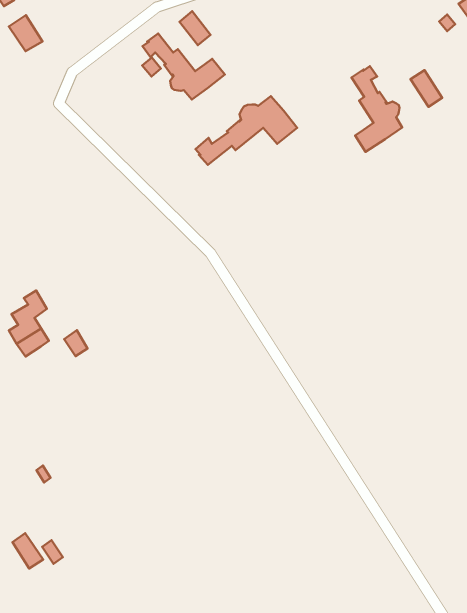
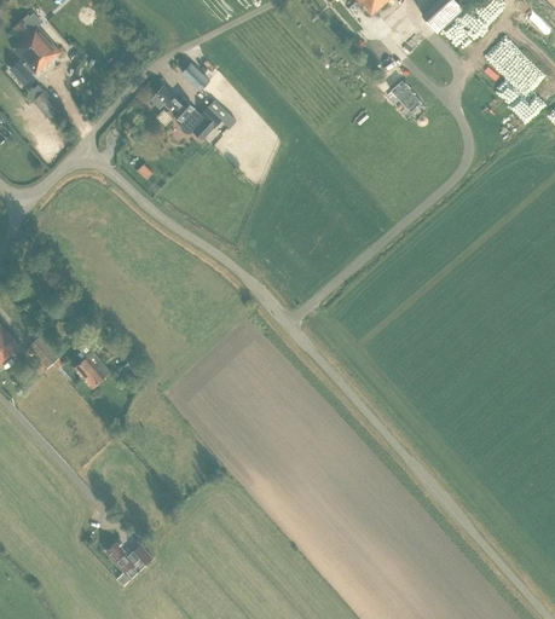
building: [352,66,402,152] -> none
building: [195,96,297,165] -> none

